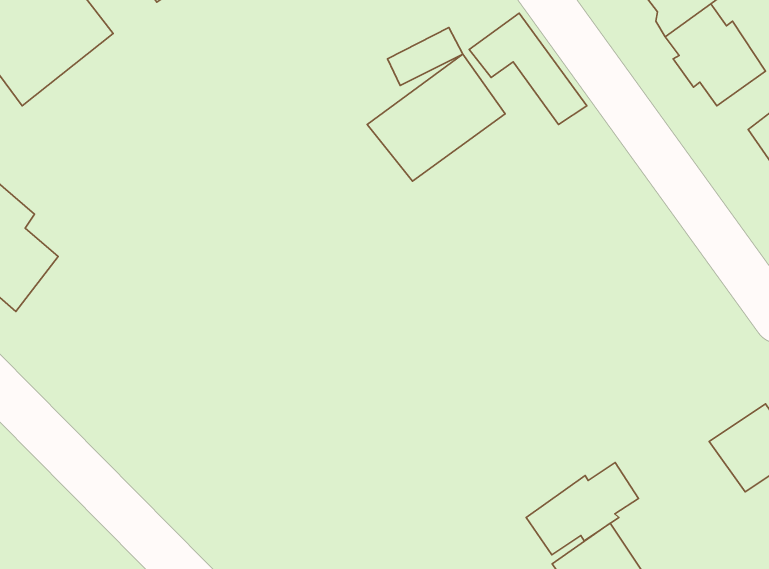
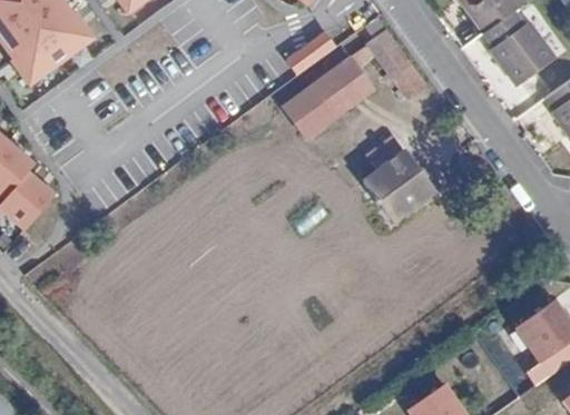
building: none -> [365,139,433,221]
building: [526,463,639,555] -> none

